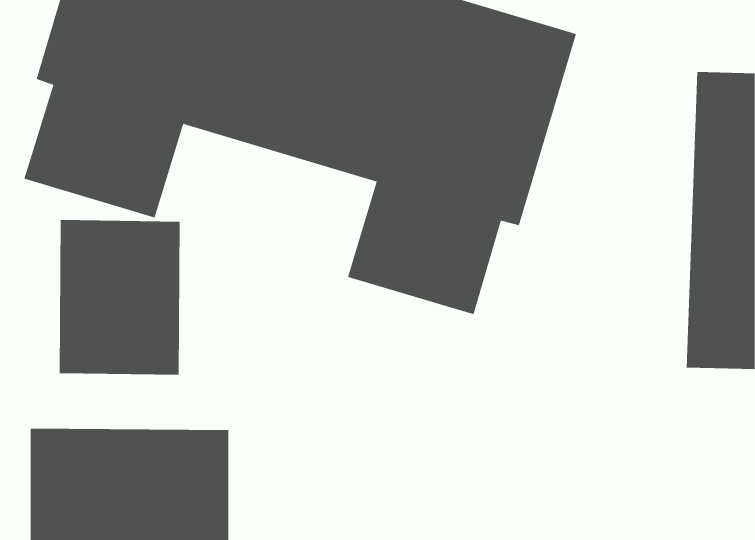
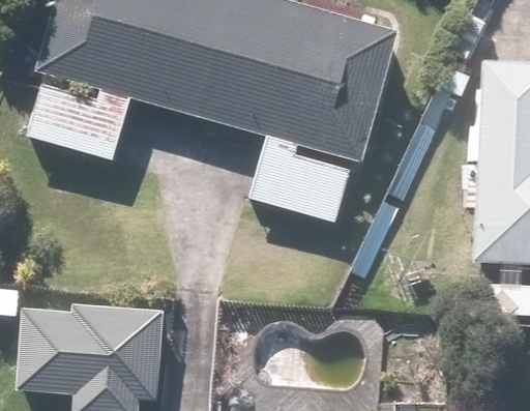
building: [59,219,180,376] -> none

